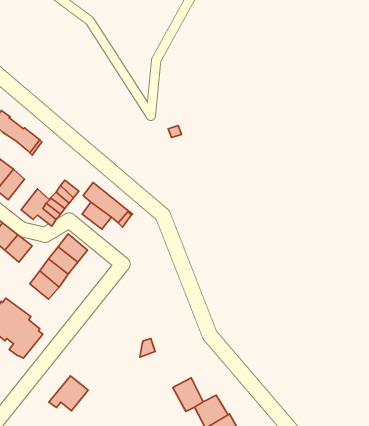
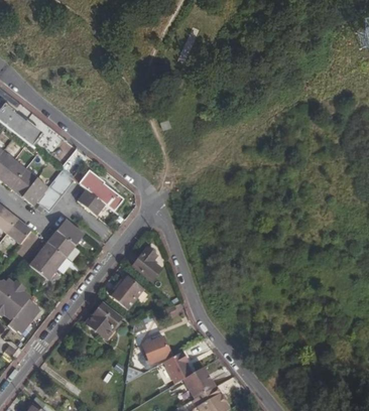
building: none -> [10,168,37,196]
building: none -> [132,248,160,280]
building: none -> [107,273,142,304]
building: none -> [144,336,170,362]
building: [49,376,88,411] -> [79,301,115,333]

